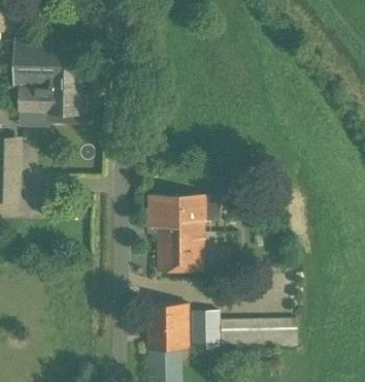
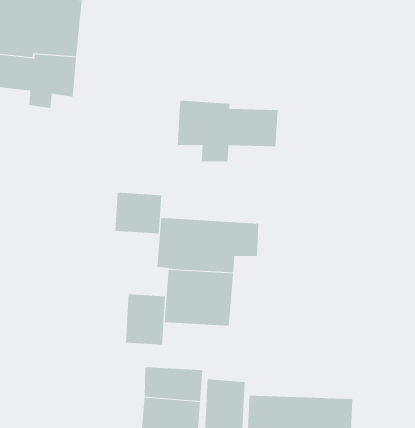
building: none -> [177,100,278,162]
building: none -> [115,192,162,234]
building: none -> [126,294,165,345]

